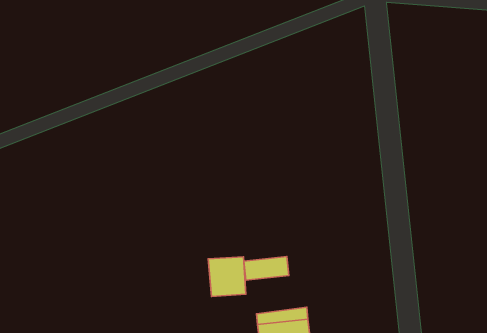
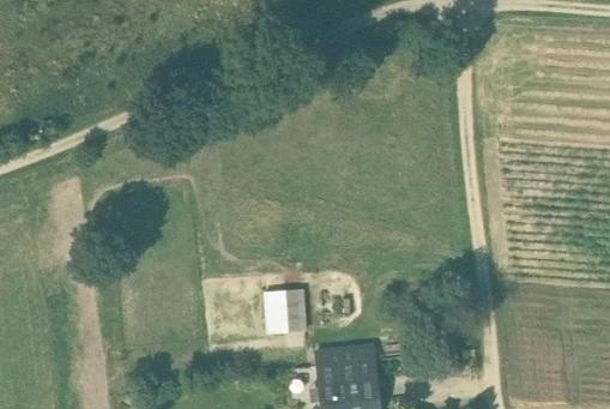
building: [244,257,289,280] -> none

